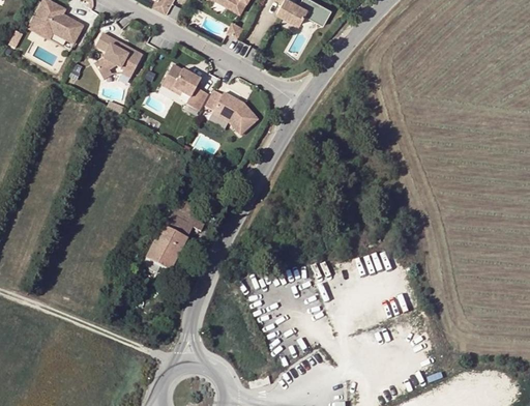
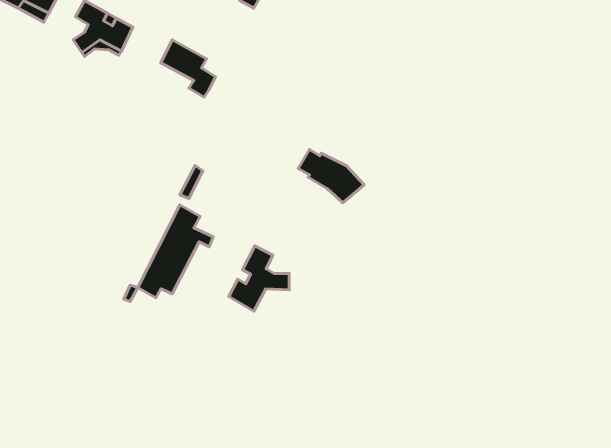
building: [204,90,258,134] -> [298,149,364,203]
building: none -> [229,246,289,311]

